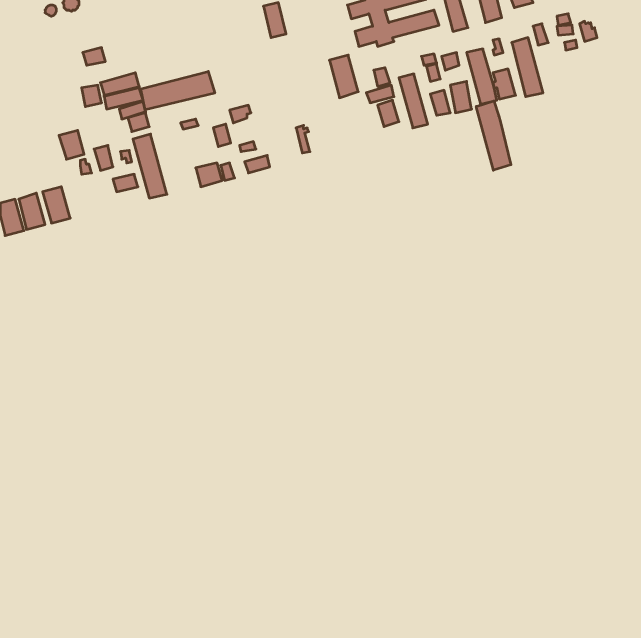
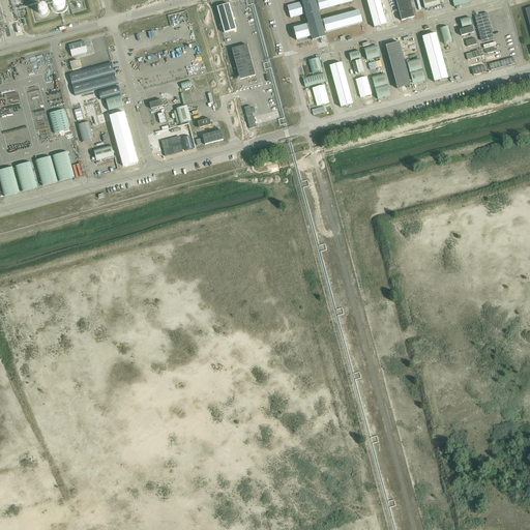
building: [329,55,358,98] -> [232,43,256,79]
building: [141,71,215,110] -> none
building: [476,101,511,170] -> none
building: none -> [52,150,75,179]

